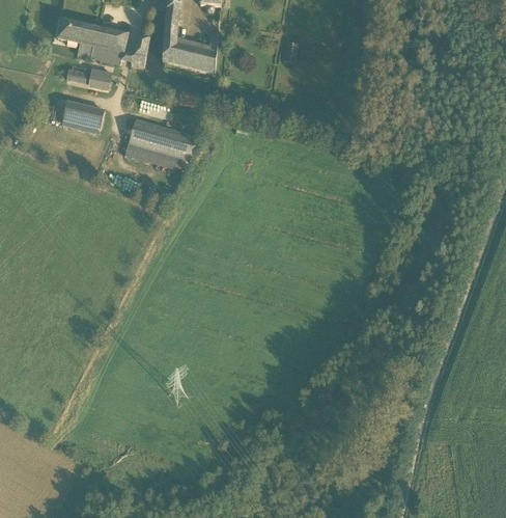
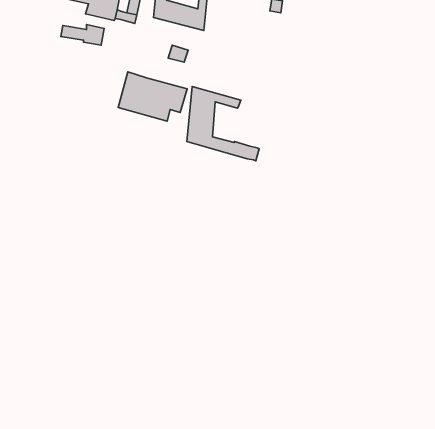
building: [63,101,104,128] -> none
building: none -> [187,86,259,161]

